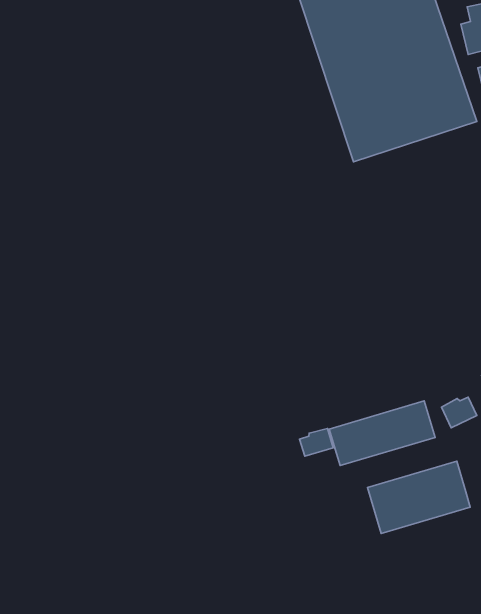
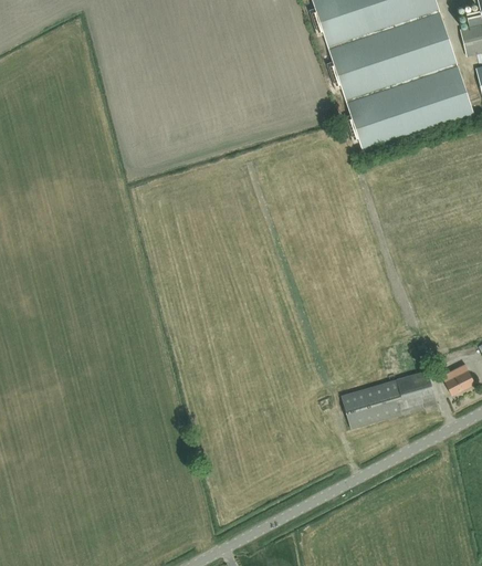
building: [300,428,333,456] -> none
building: [368,461,470,534] -> none

